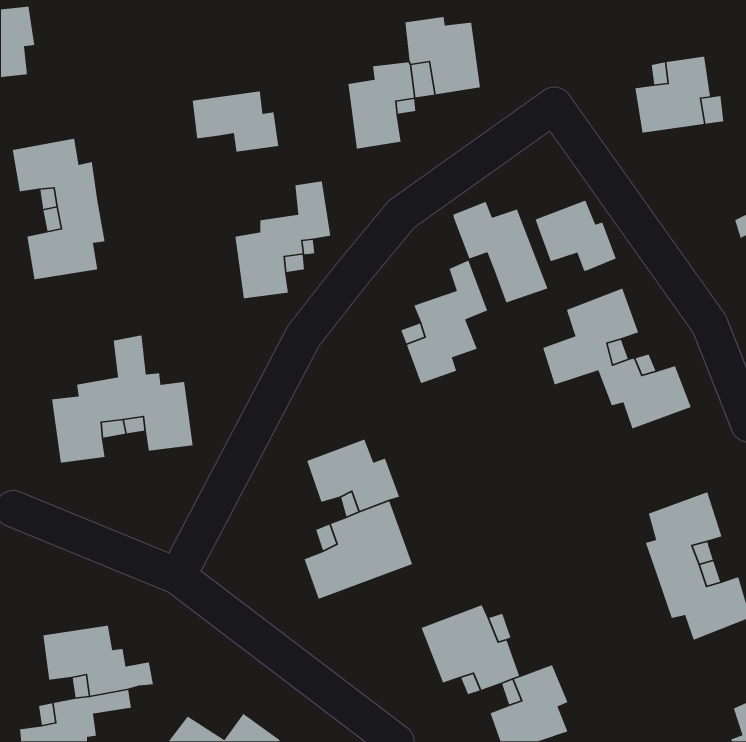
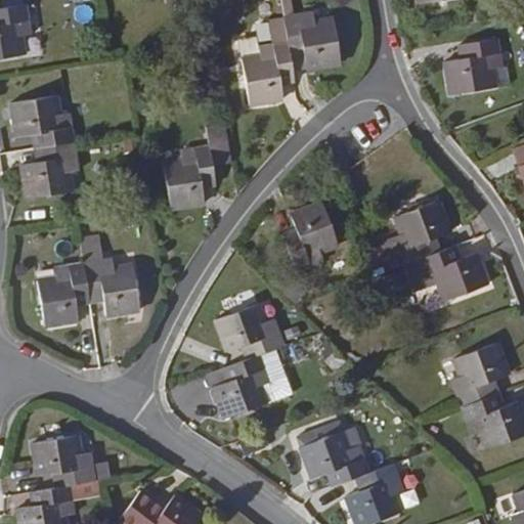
building: [192,90,279,152] -> none
building: [535,199,617,272] -> none
building: [453,201,548,304] -> none

